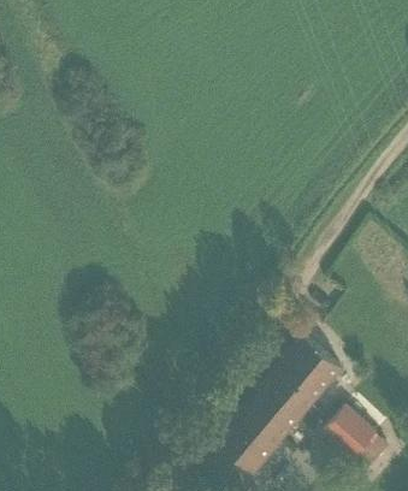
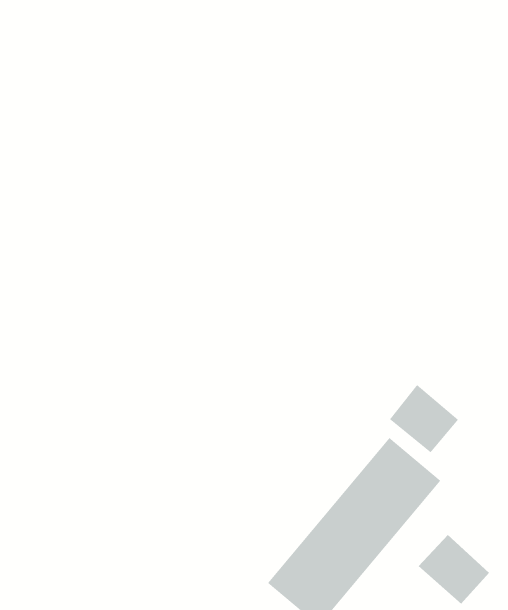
building: none -> [389,384,459,453]

